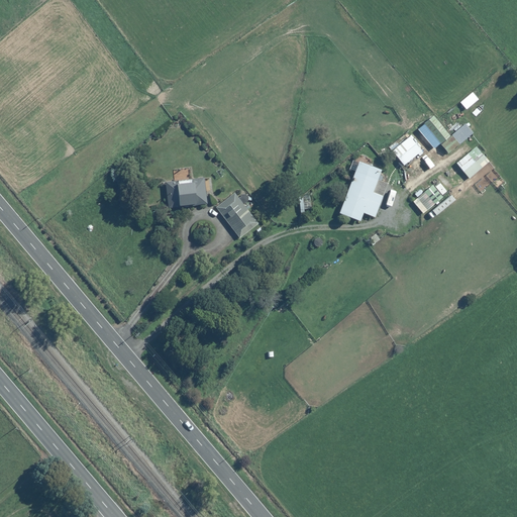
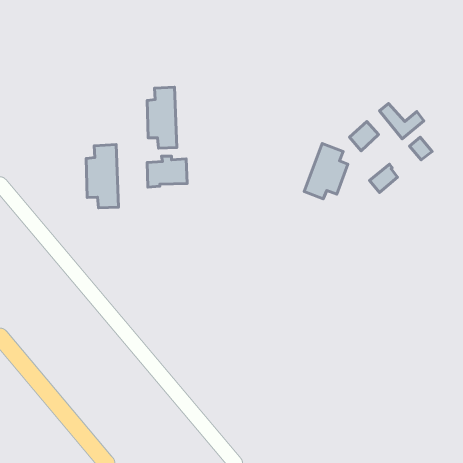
building: none -> [147,87,177,148]
building: none -> [86,145,119,208]
building: [214,192,258,238] -> none

